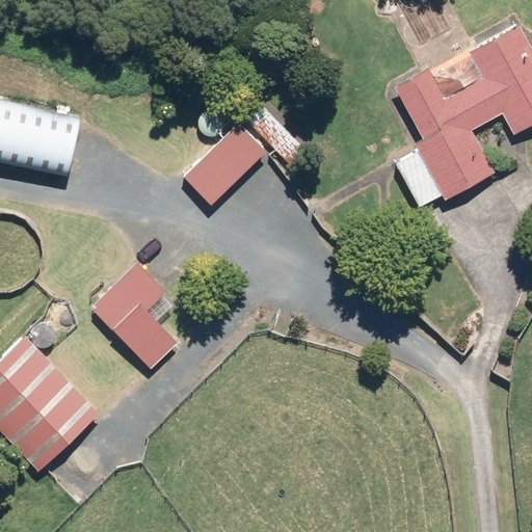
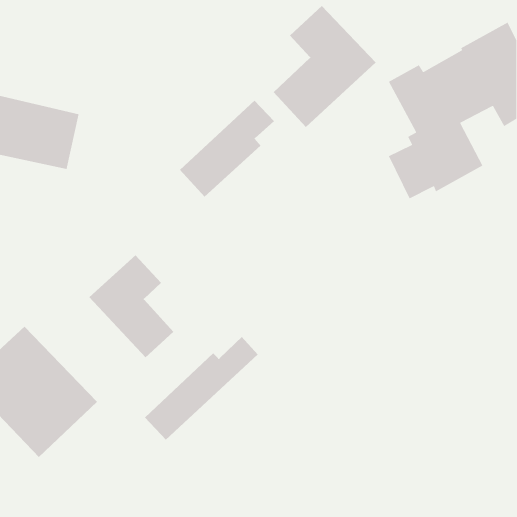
building: none -> [273,5,376,128]
building: none -> [144,336,258,441]

